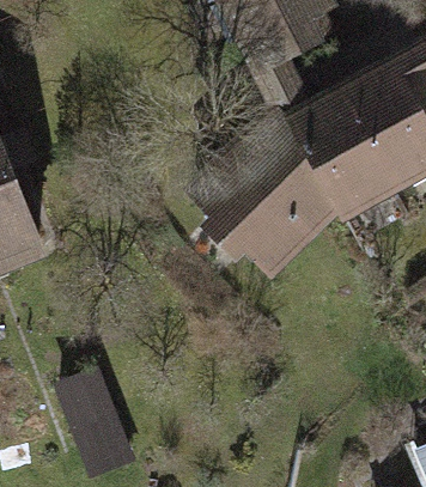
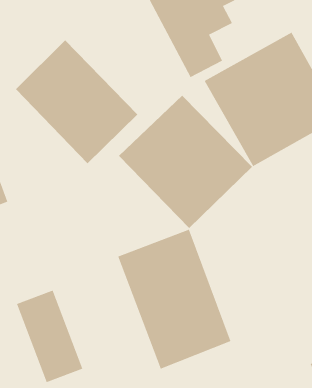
building: none -> [15,39,138,164]
building: none -> [118,229,231,370]

